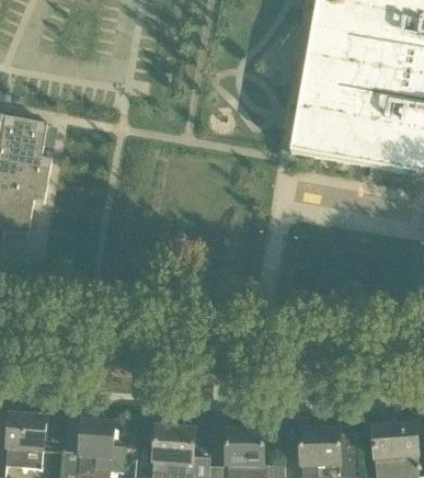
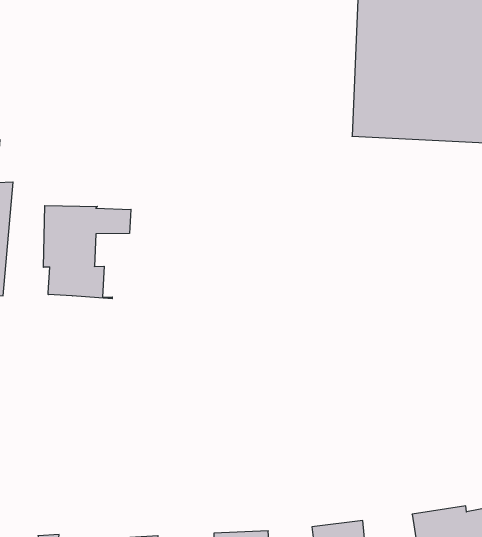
building: none -> [43,206,131,299]

